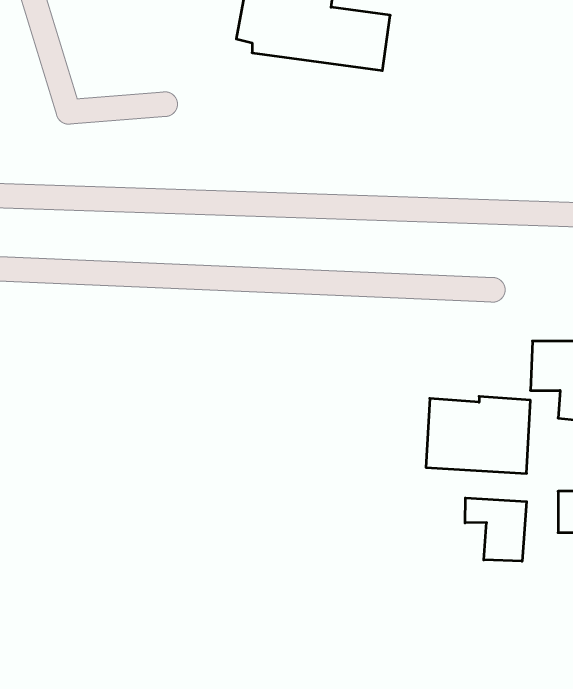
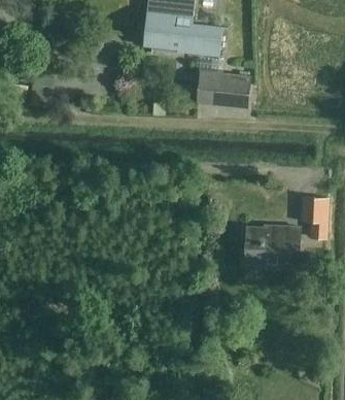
building: none -> [195,71,249,108]
building: [465,498,527,561] -> none

